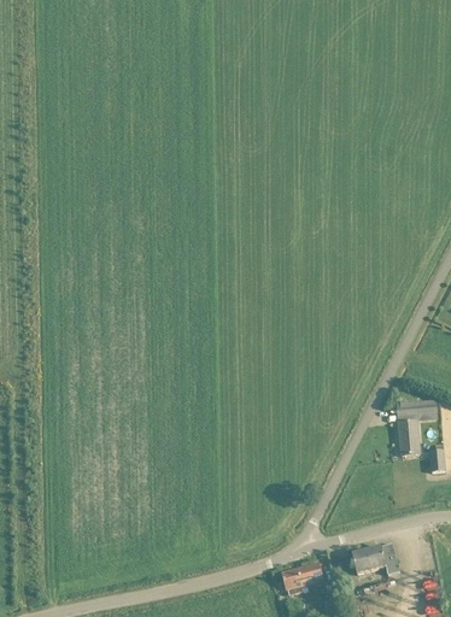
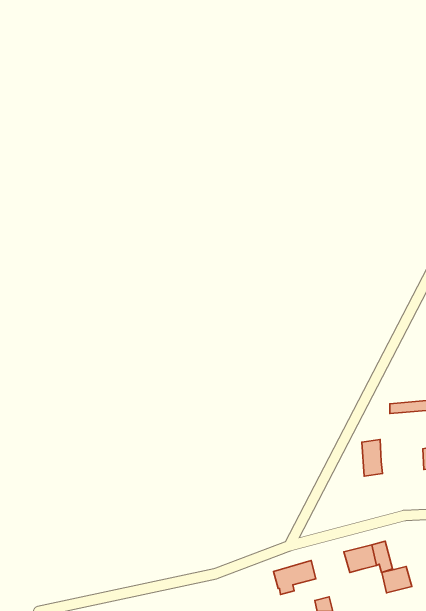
building: [398,418,418,454] -> [362,440,383,476]
building: none -> [382,566,412,593]

